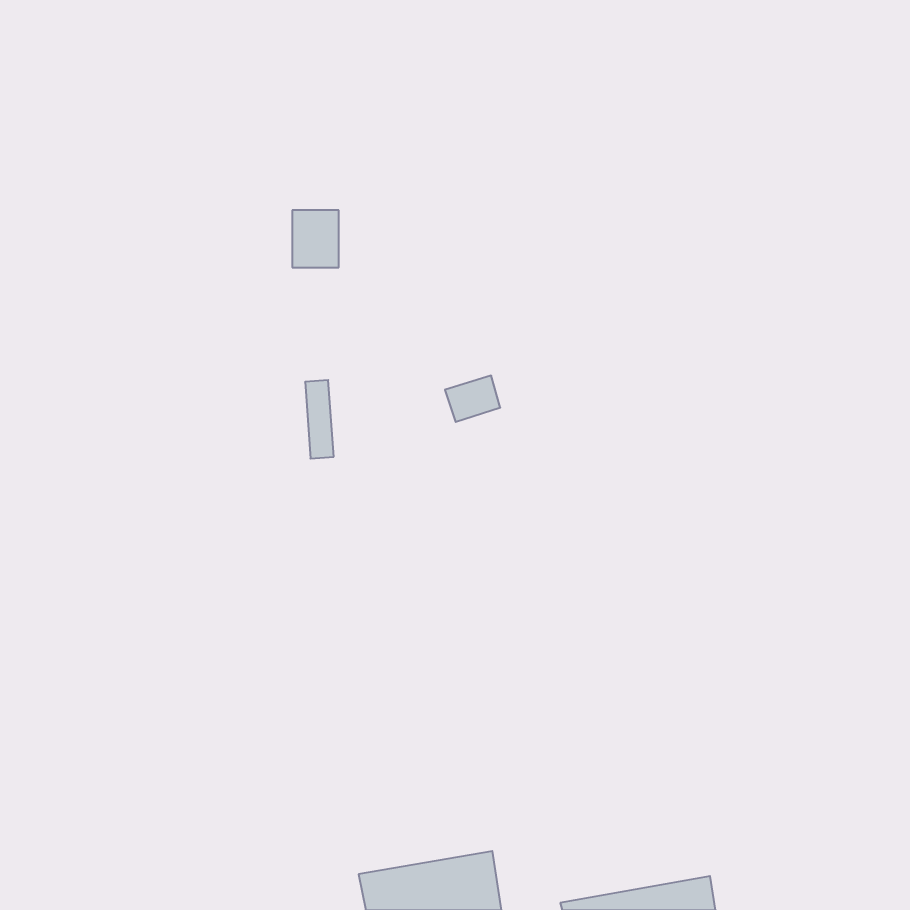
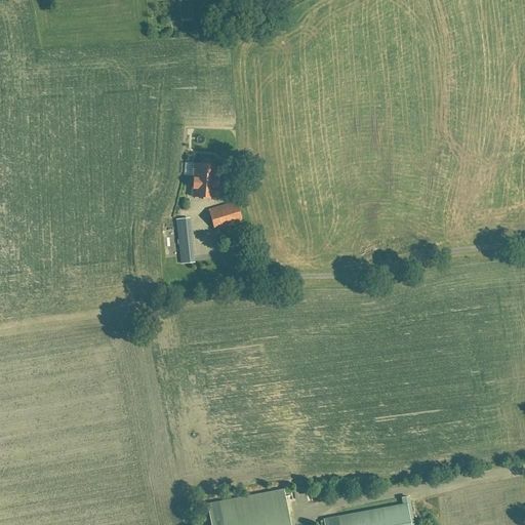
building: [292,210,339,267] -> [189,164,215,197]
building: [445,376,500,422] -> [210,204,242,231]

